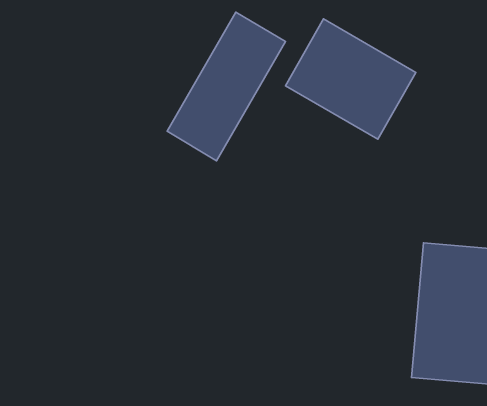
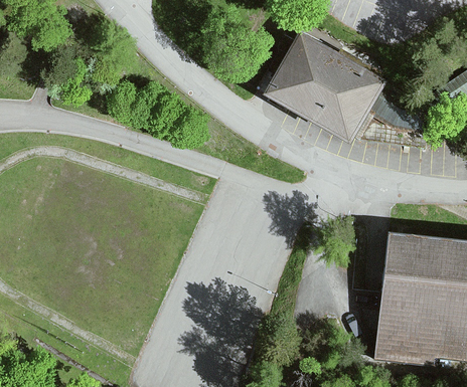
building: [167,12,285,161] -> none

